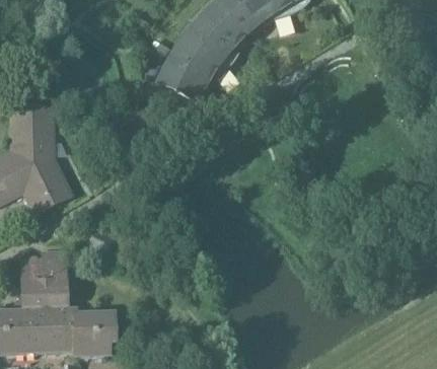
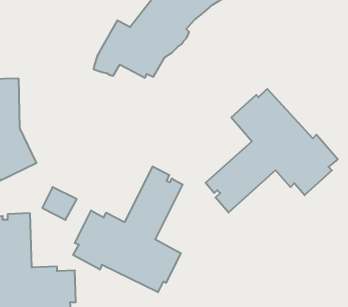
building: none -> [206,89,338,213]
building: none -> [73,166,183,292]

